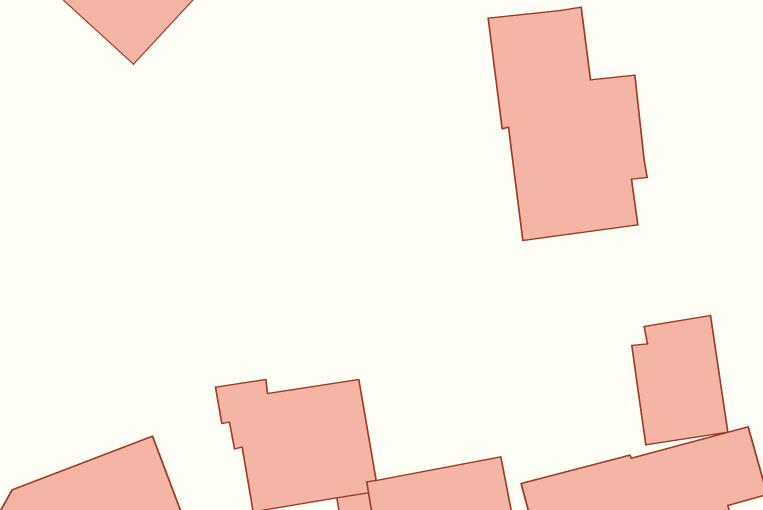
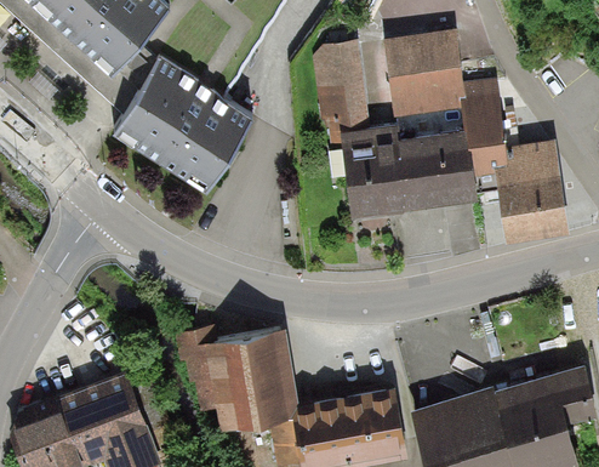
building: none -> [313,50,411,226]
building: none -> [115,66,253,195]
building: [632,316,728,445] -> [495,147,569,246]

